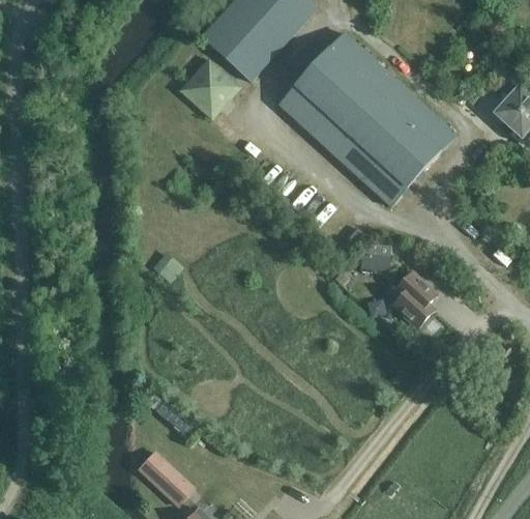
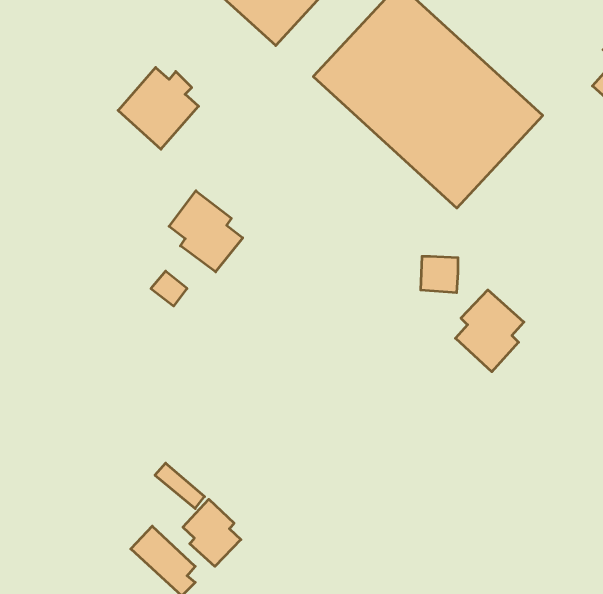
building: [179,56,241,119] -> [118,67,199,149]
building: none -> [169,191,243,272]
building: none -> [183,499,241,566]

